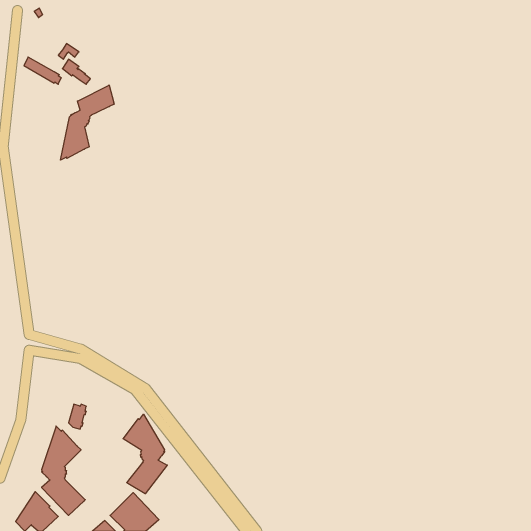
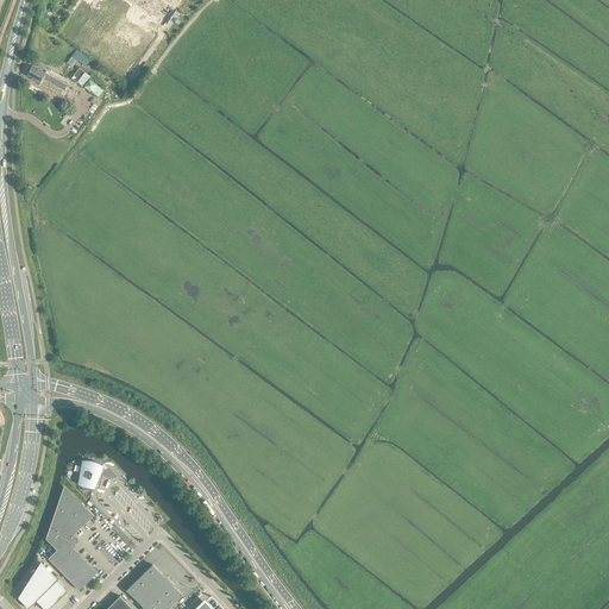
building: [61,85,114,160] -> none
building: [123,414,167,494] -> none

